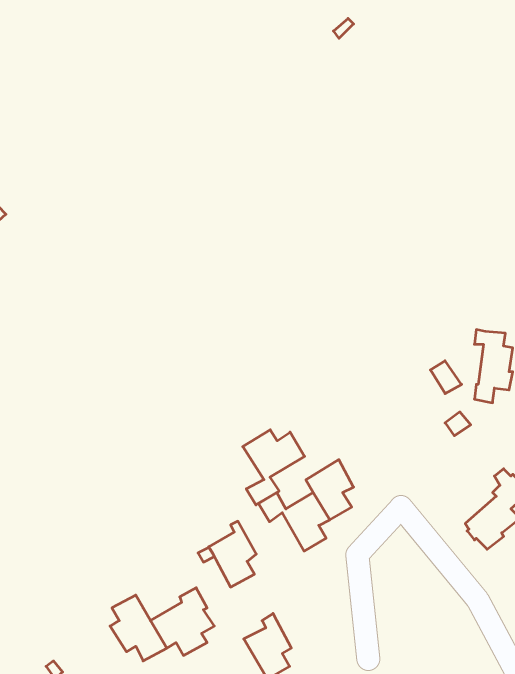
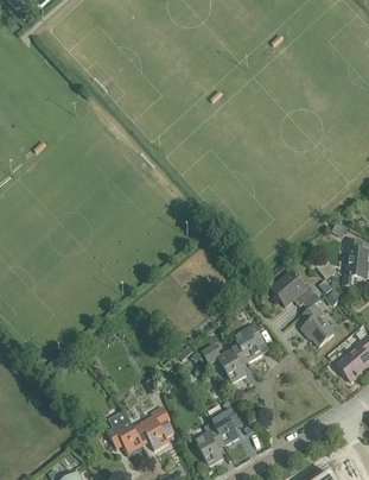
building: none -> [271,271,314,304]
building: none -> [300,302,333,345]
building: [243,430,305,505] -> none
building: [209,521,256,587] -> [209,402,240,444]

